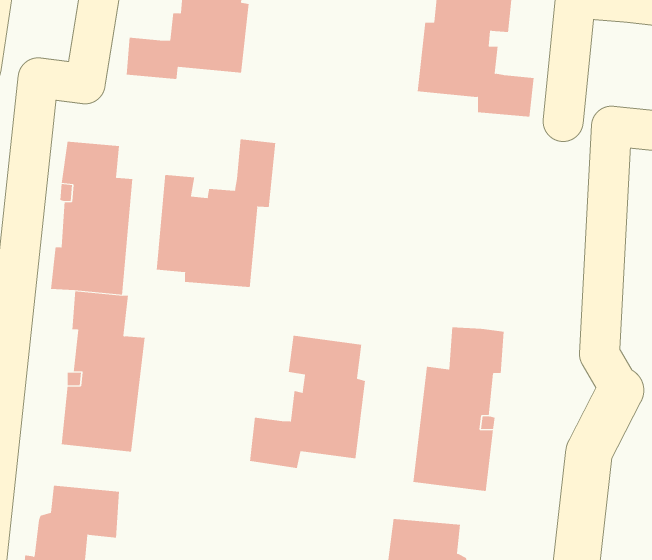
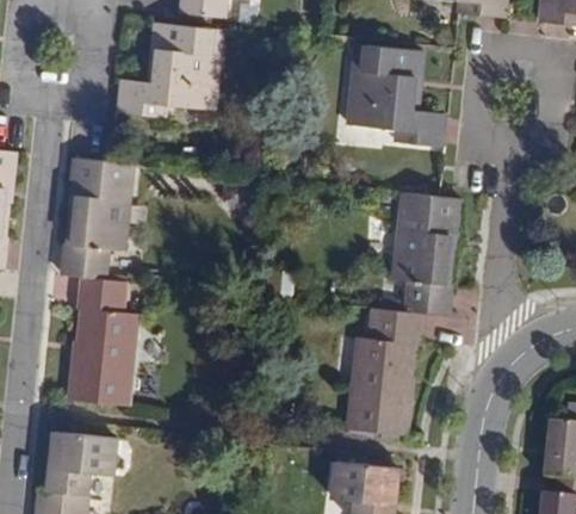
building: [156,138,276,288] -> none
building: none -> [401,194,469,315]
building: [249,335,366,469] -> none

